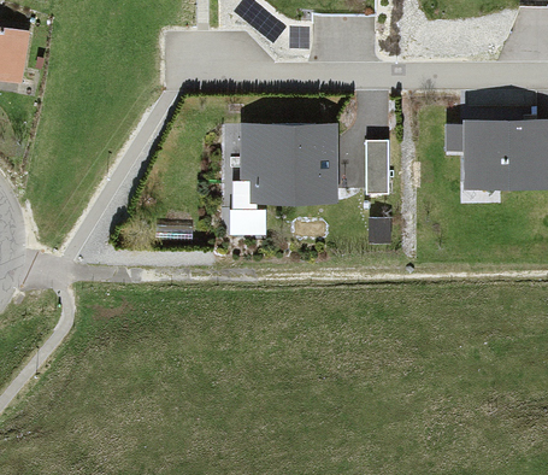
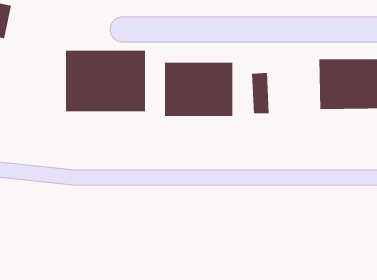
building: none -> [66,50,145,112]

